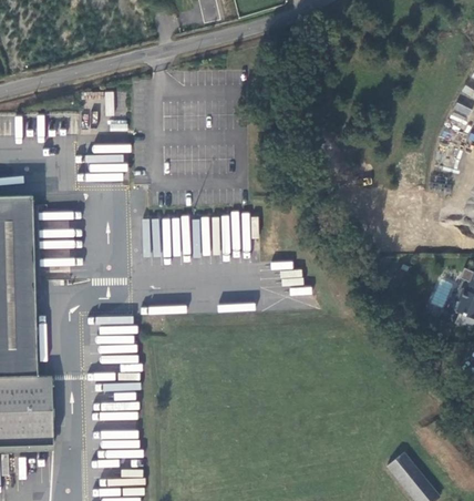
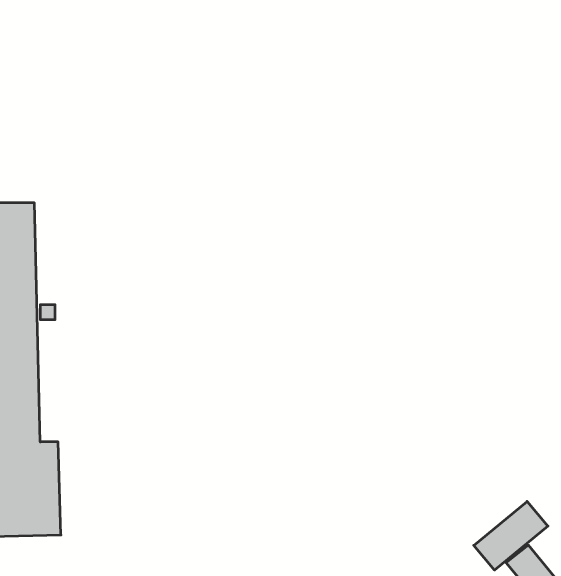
building: none -> [474,501,548,570]

